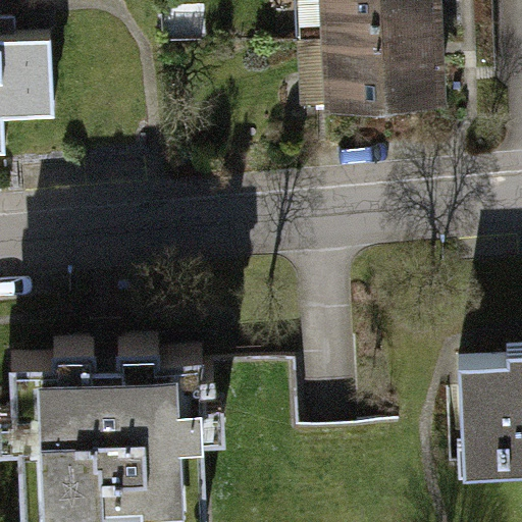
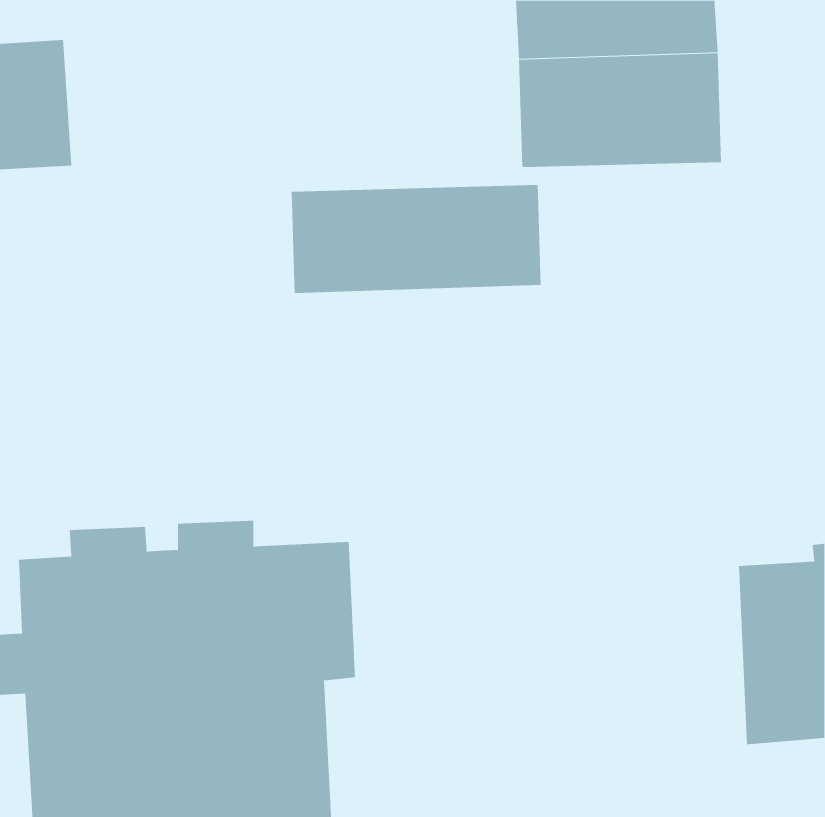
building: none -> [291,184,541,294]

